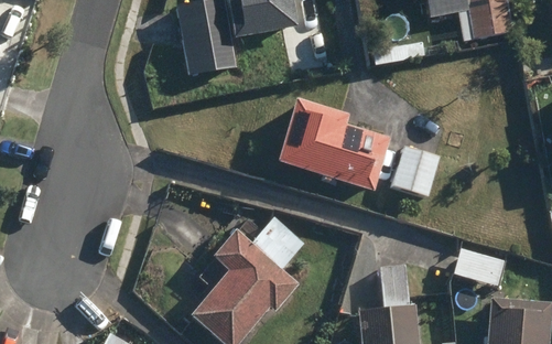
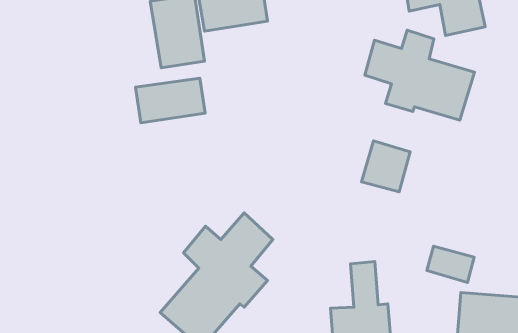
building: none -> [365,30,474,120]
building: none -> [135,78,205,123]
building: [278,97,390,191] -> none

